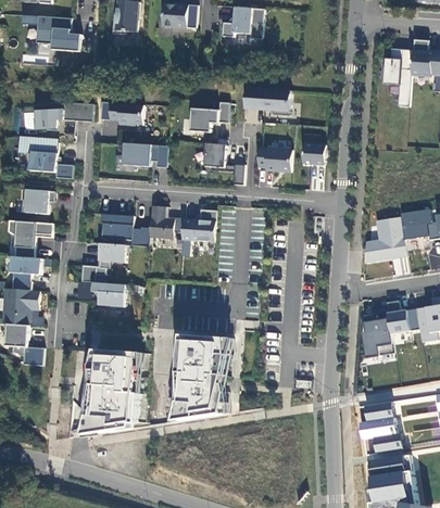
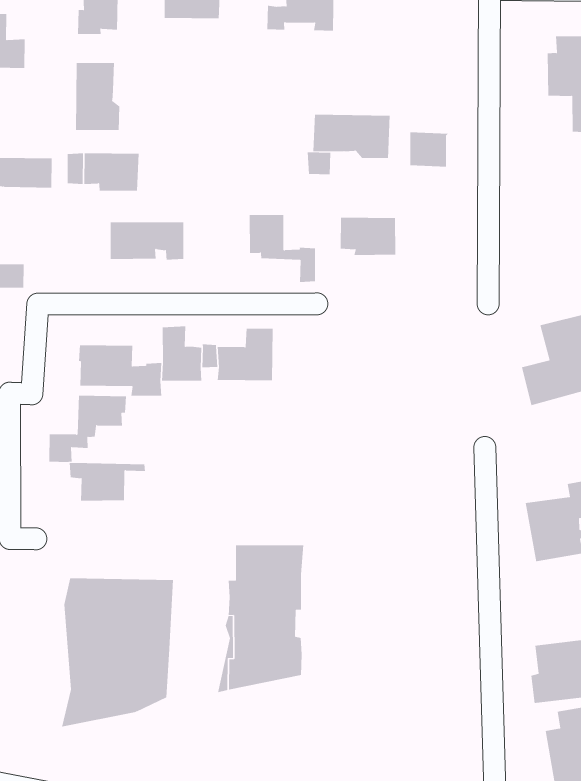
building: none -> [75,62,120,131]
building: [190,102,229,132] -> none
building: [302,143,326,165] -> [410,132,449,167]

